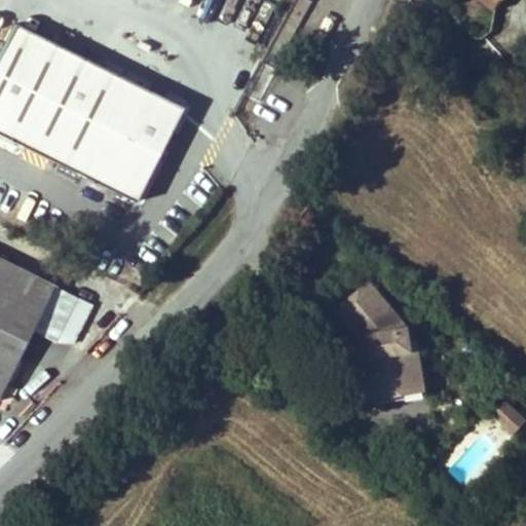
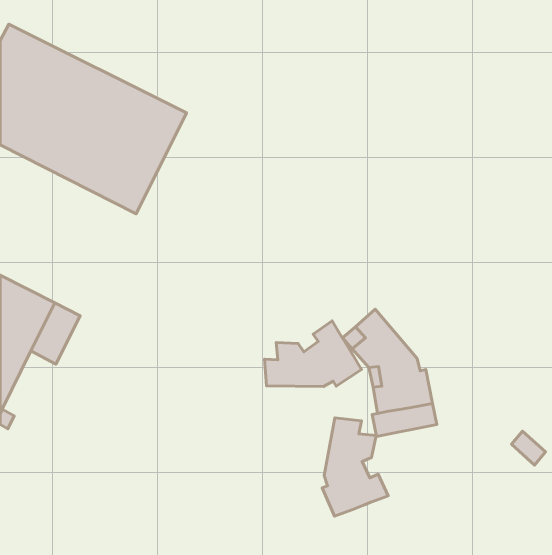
building: none -> [265,321,361,386]
building: none -> [322,418,388,516]

